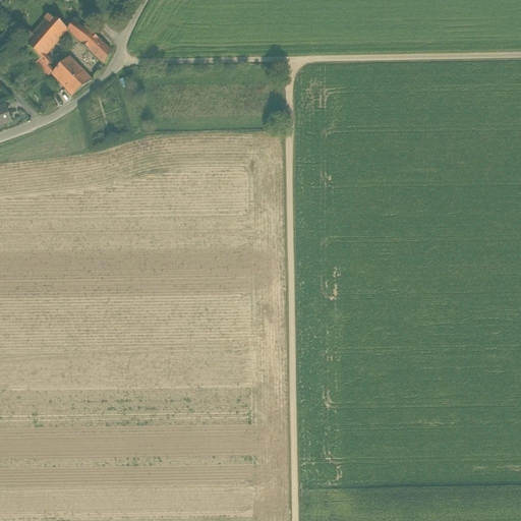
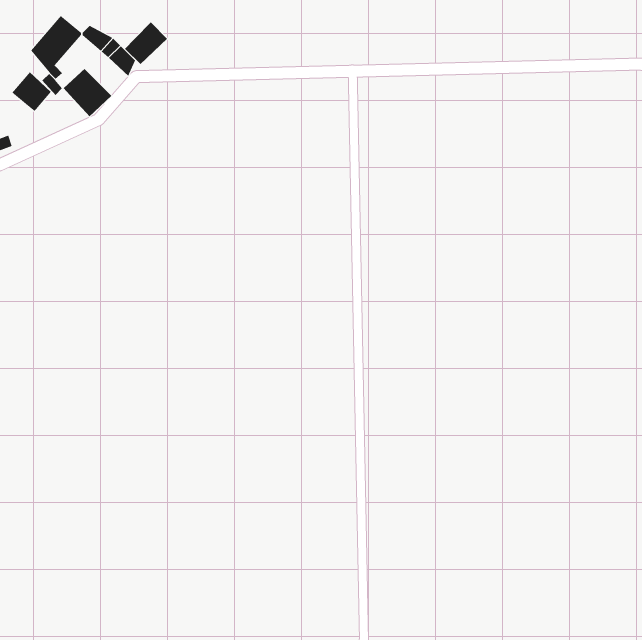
building: none -> [124,22,168,65]
building: none -> [12,72,52,112]

